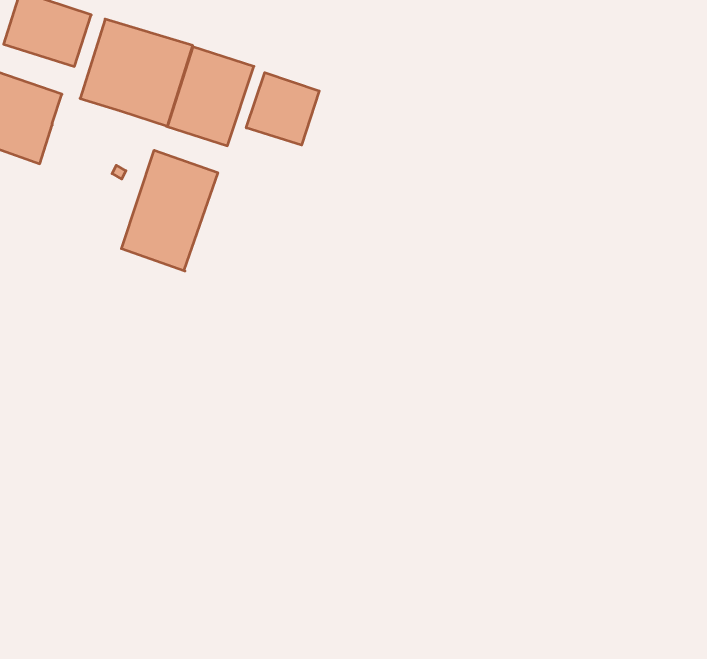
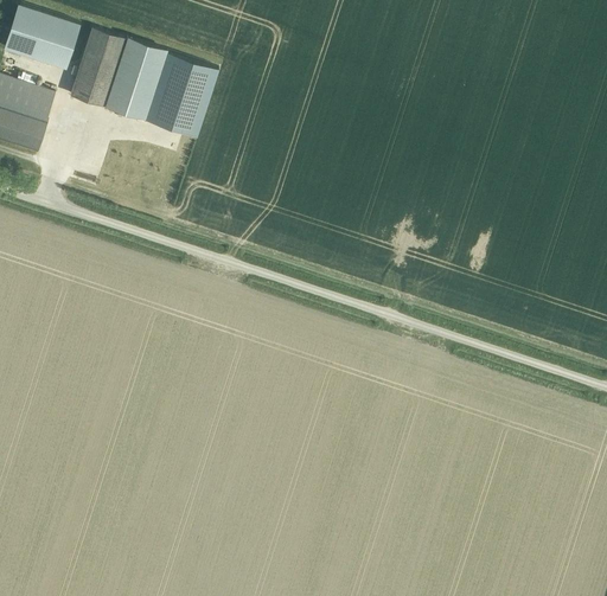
building: [246,73,319,145] -> none
building: [121,150,218,271] -> none

